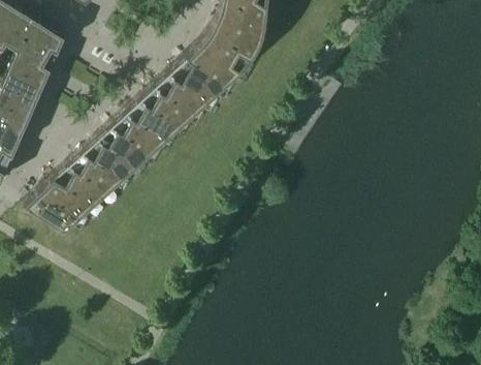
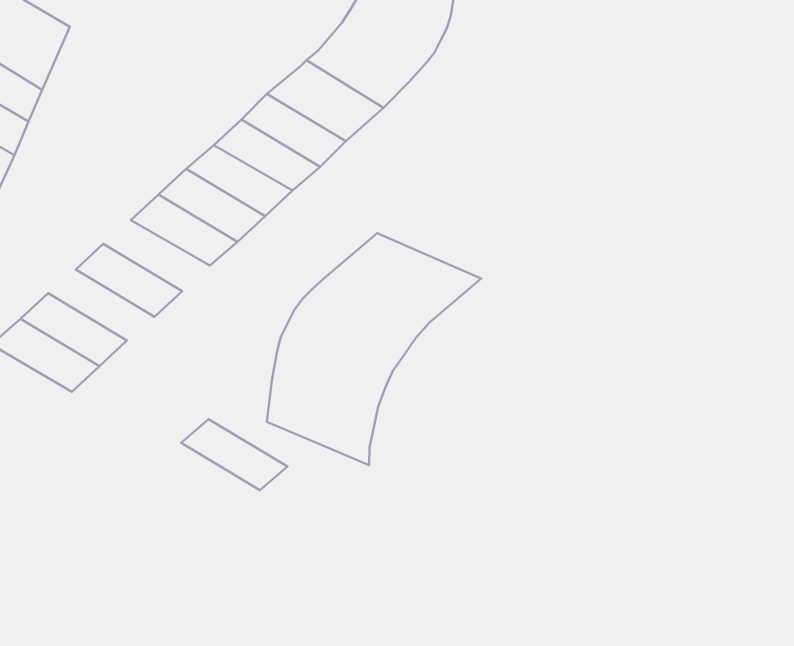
building: [82,139,137,176] -> none
building: none -> [267,233,481,465]
building: [53,164,108,202] -> [181,419,288,490]

